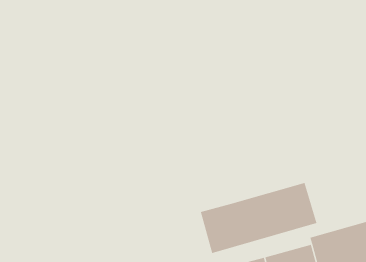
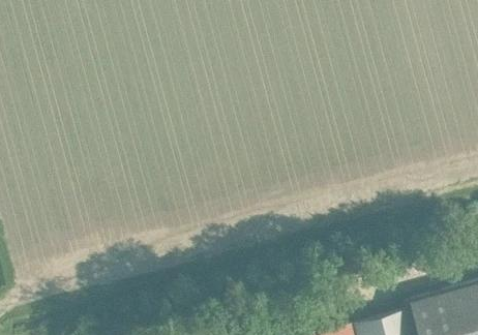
building: [200,182,317,254] -> none

